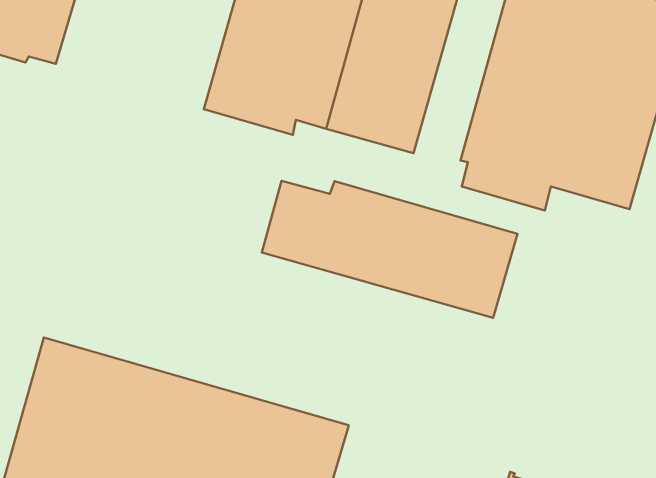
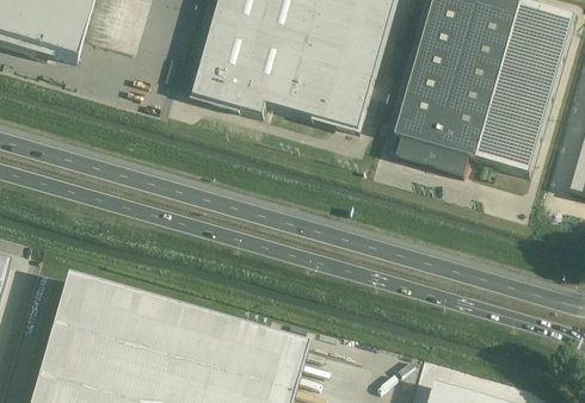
building: [262,181,518,318] -> none

